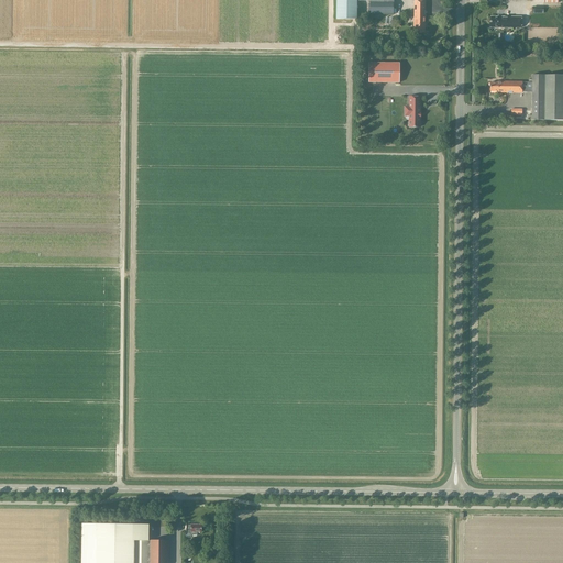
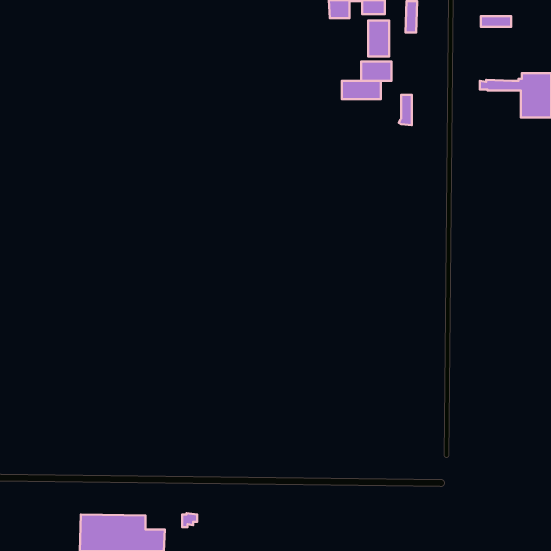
building: none -> [368,20,389,57]
building: none -> [342,81,381,99]

